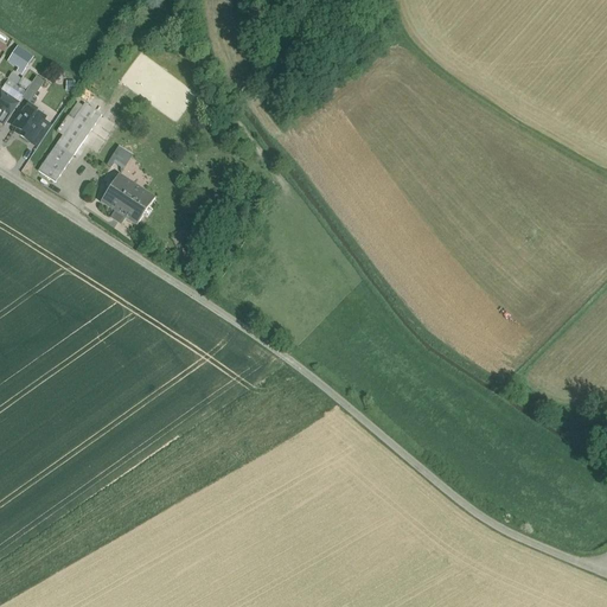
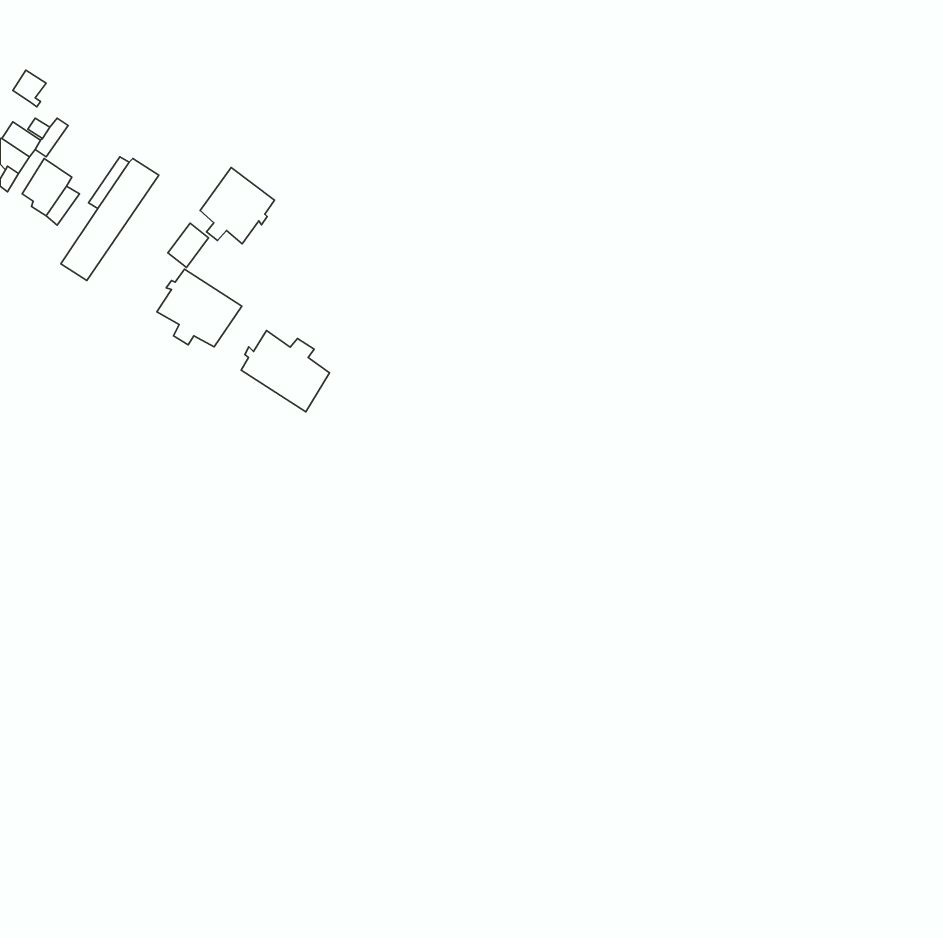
building: none -> [200,168,275,244]
building: none -> [241,331,329,412]

